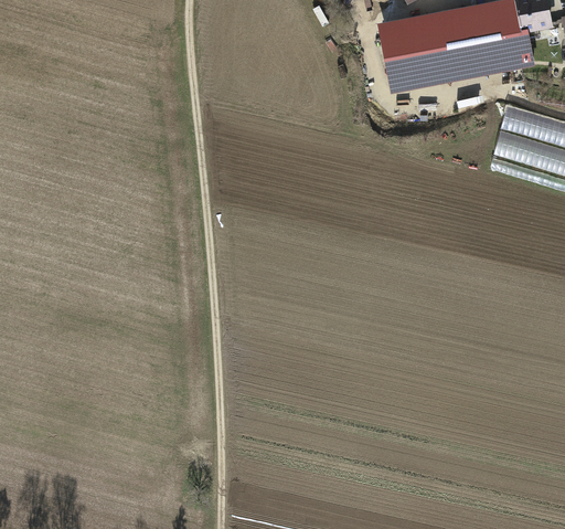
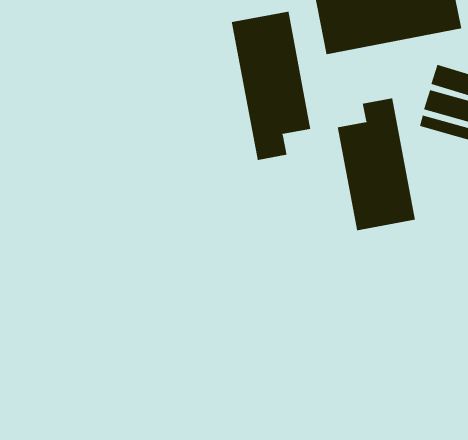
building: none -> [231,11,311,161]
building: none -> [337,97,416,231]

